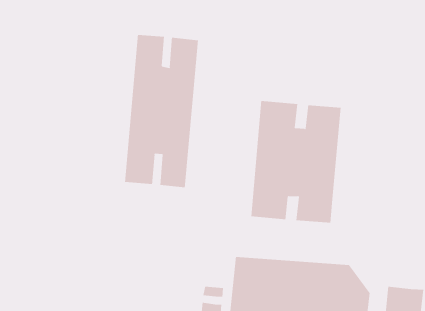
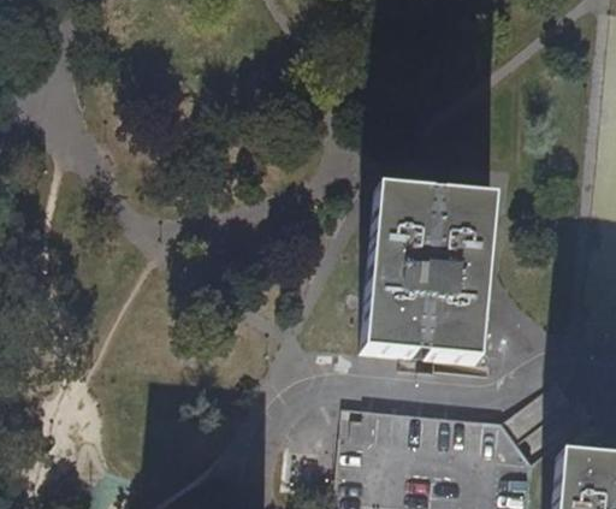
building: [124,34,198,188] -> none

